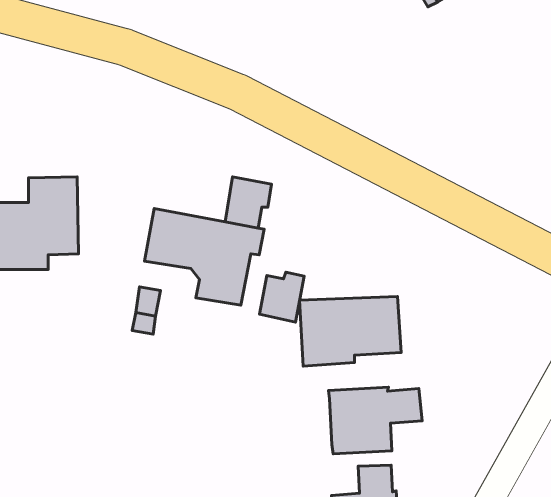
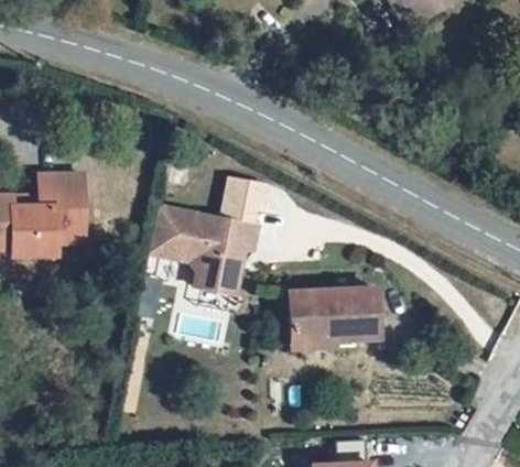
building: [260,272,304,322] -> none
building: [328,387,422,454] -> none

